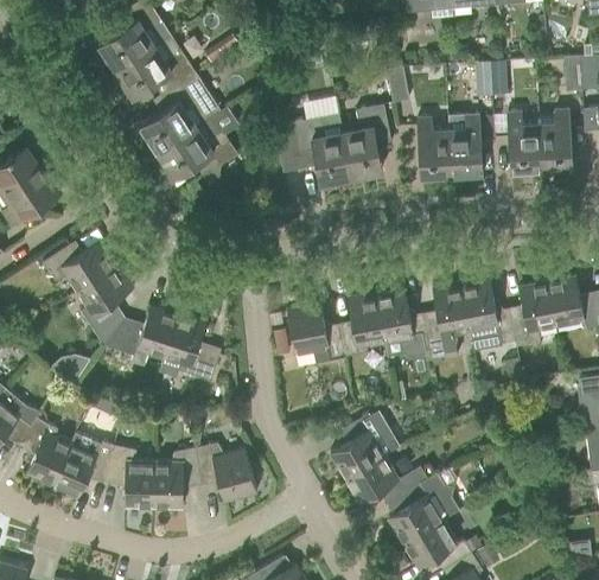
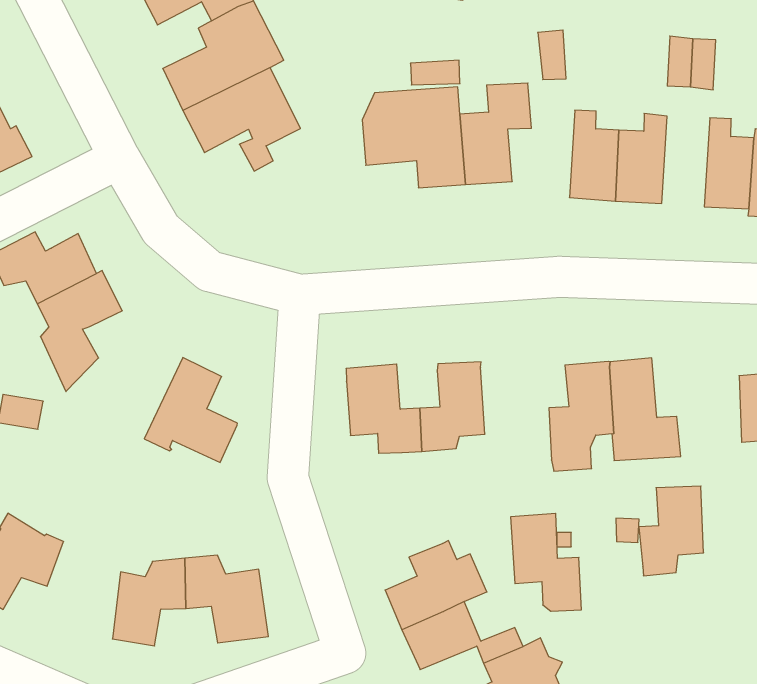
building: [510,281,555,345] -> [639,486,704,576]
building: [376,291,431,356] -> [511,513,581,611]
building: [103,305,178,365] -> none
building: [107,446,154,506] -> none

